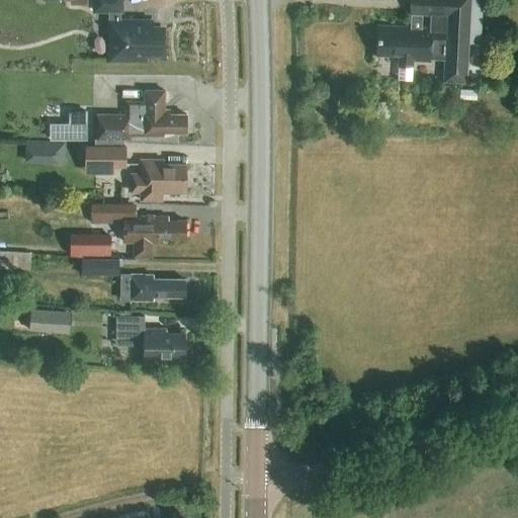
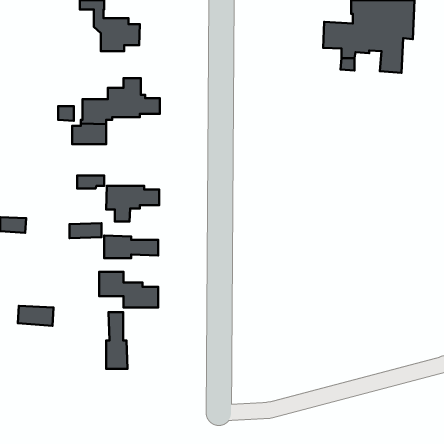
building: [24,146,60,164] -> none
building: [131,160,185,201] -> none
building: [70,235,110,256] -> none
building: [29,311,71,334] -> [18,306,53,326]
building: none -> [106,312,127,369]

